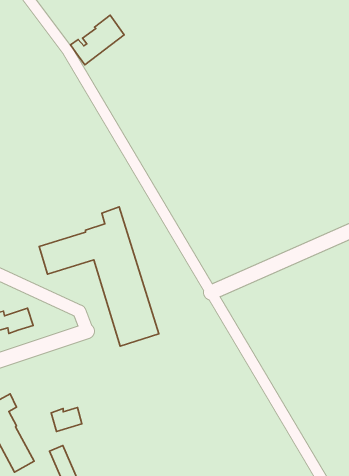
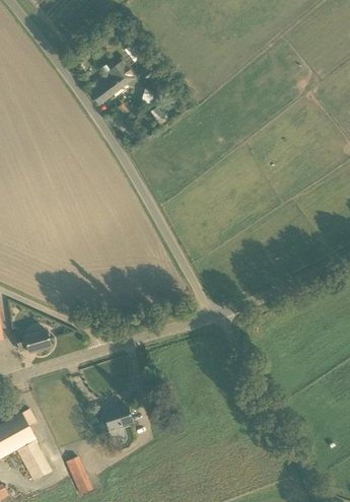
building: [39,207,159,346] -> none
building: [51,407,82,432] -> [104,407,133,429]

